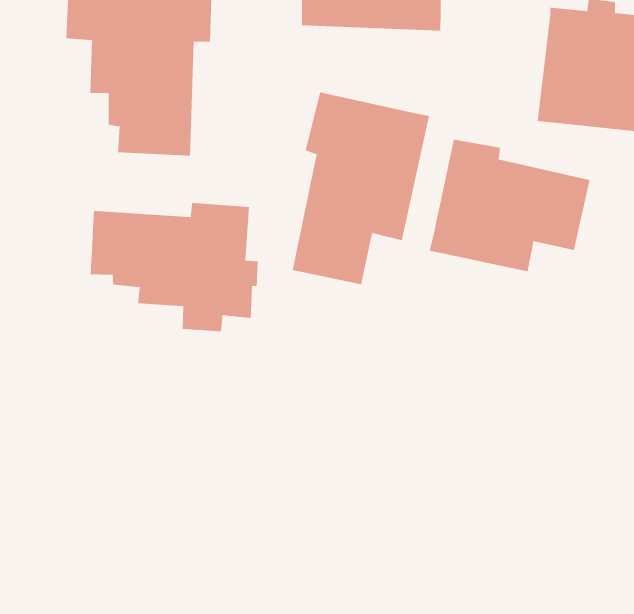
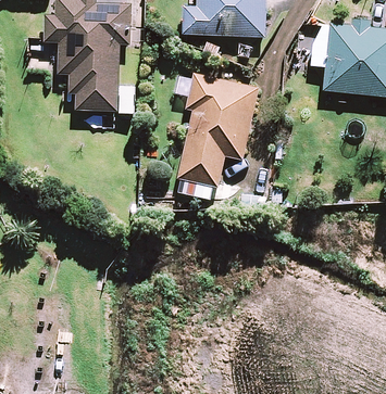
building: [429,139,590,272] -> none
building: [90,202,258,332] -> none

